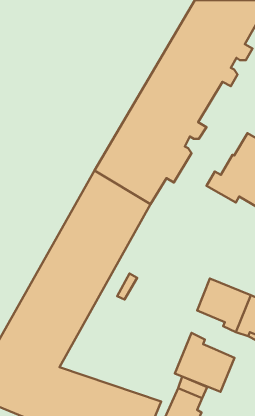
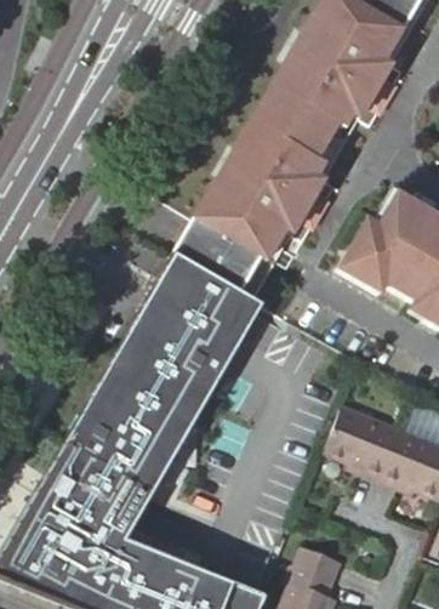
building: [175,333,235,392] -> none

